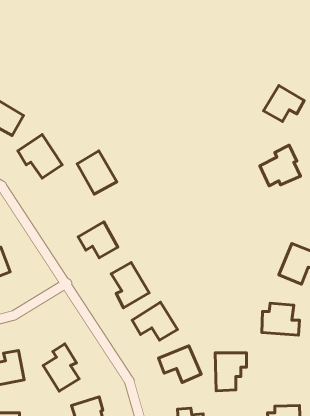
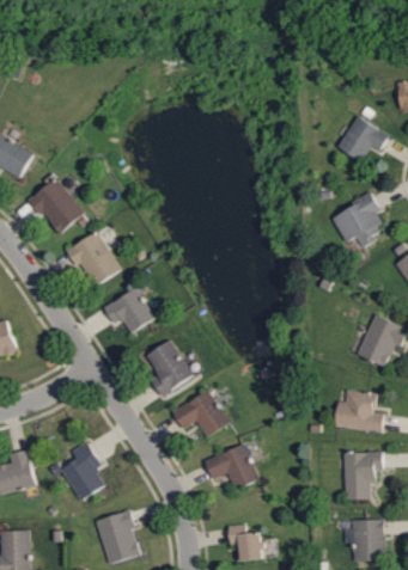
building: [77,151,117,194] -> [69,232,120,287]
building: [215,353,246,391] -> [343,453,383,501]

